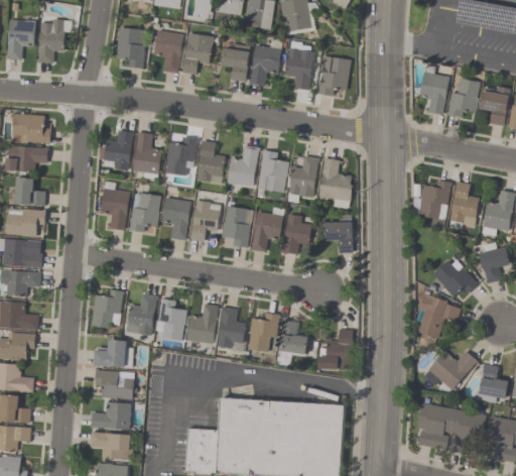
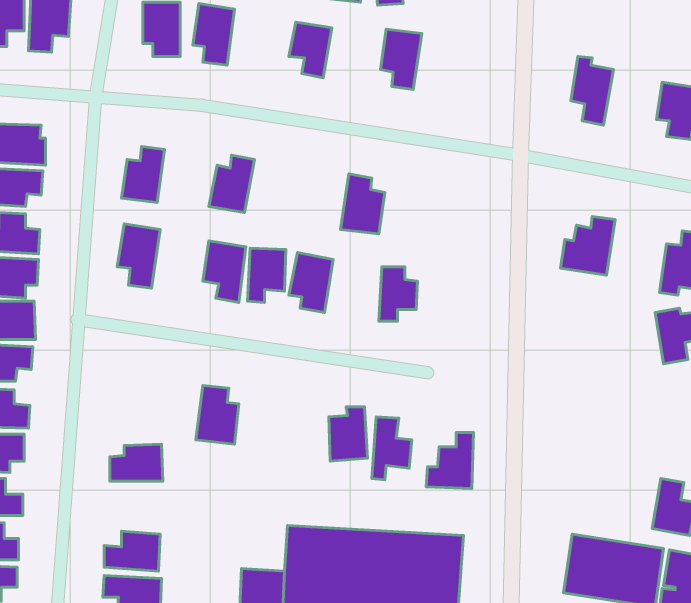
building: [181,32,213,75] -> none
building: [249,44,281,85] -> none
building: [316,55,351,96] -> none
building: [447,79,480,118] -> none
building: [131,131,162,177] -> none
building: [195,140,225,184] -> none
building: [227,145,258,187] -> none
building: [288,155,318,198] -> none
building: [317,157,353,205] -> none
building: [449,182,479,228] -> none
building: [129,193,159,233] -> none
building: [252,208,283,251] -> none
building: [326,216,352,253] -> none
building: [431,256,478,295] -> none
building: [91,288,123,330] -> none
building: [126,292,156,335] -> none
building: [417,296,461,337] -> none
building: [186,304,217,344] -> none
building: [217,307,246,350] -> none
building: [423,349,476,390] -> none
building: [95,370,133,398] -> none

